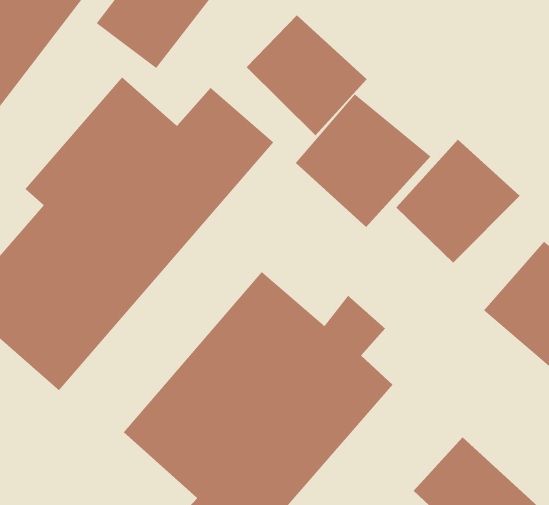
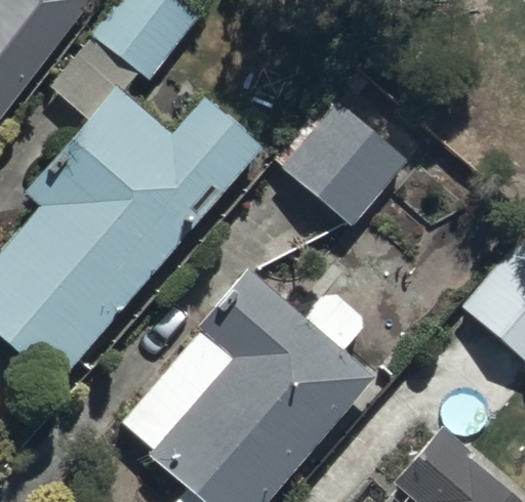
building: [246,15,368,136] -> none
building: [396,139,521,263] -> none

